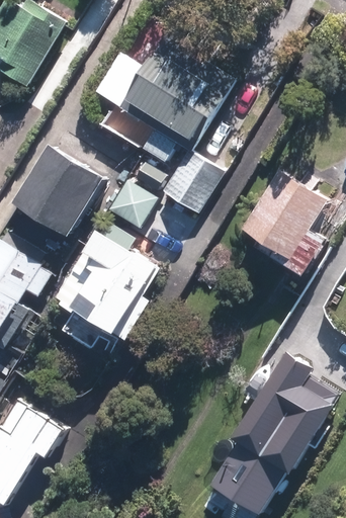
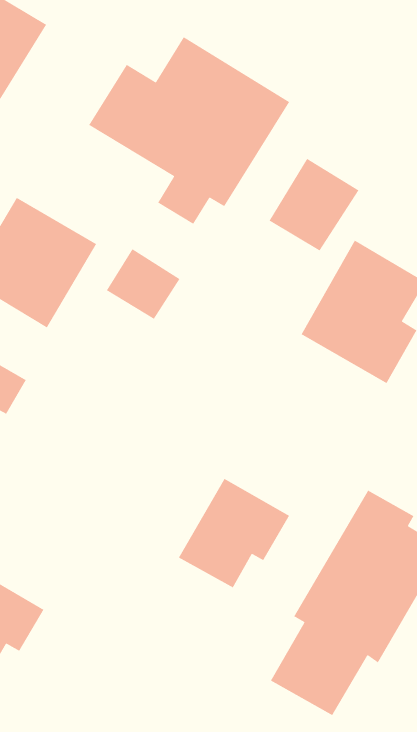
building: [164,151,227,215] -> [269,158,359,252]
building: [53,221,156,360] -> none
building: none -> [178,478,290,589]

